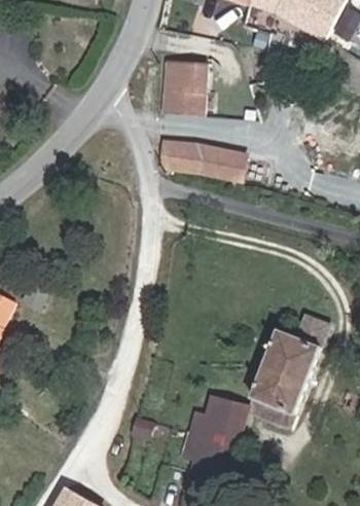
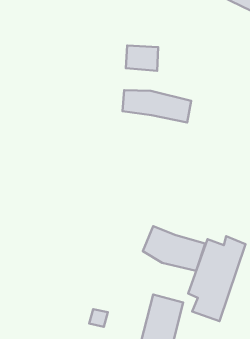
building: [168,60,209,86] -> none
building: none -> [143,226,205,271]

